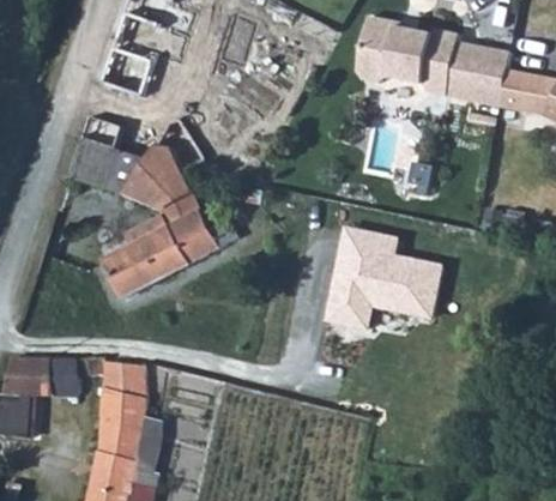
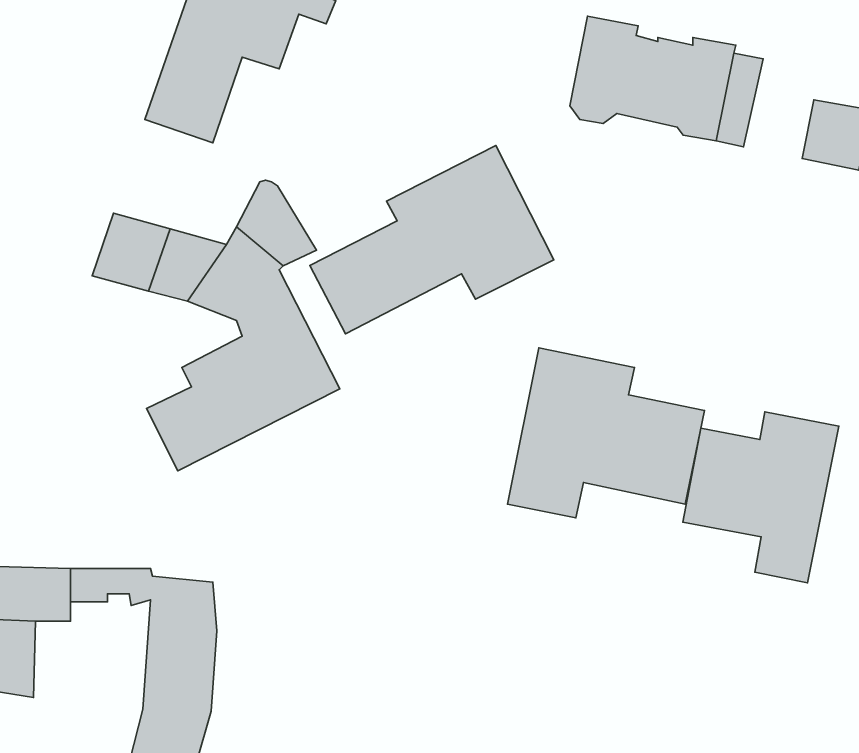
building: [469,44,515,105] -> none
building: none -> [310,145,554,334]
building: none -> [683,412,839,583]

